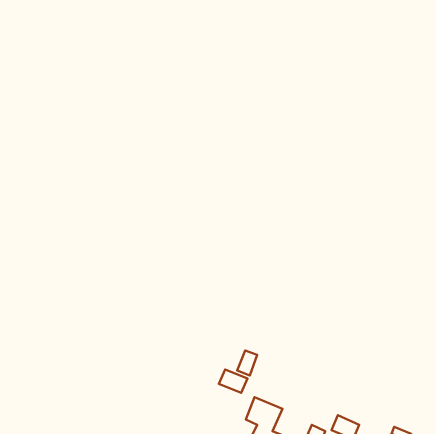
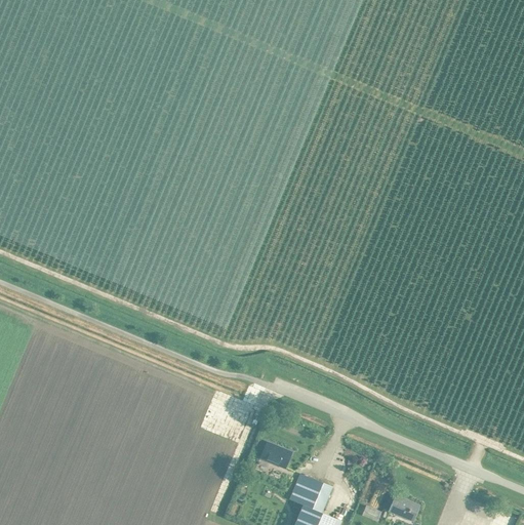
building: [237,350,257,376] -> none

